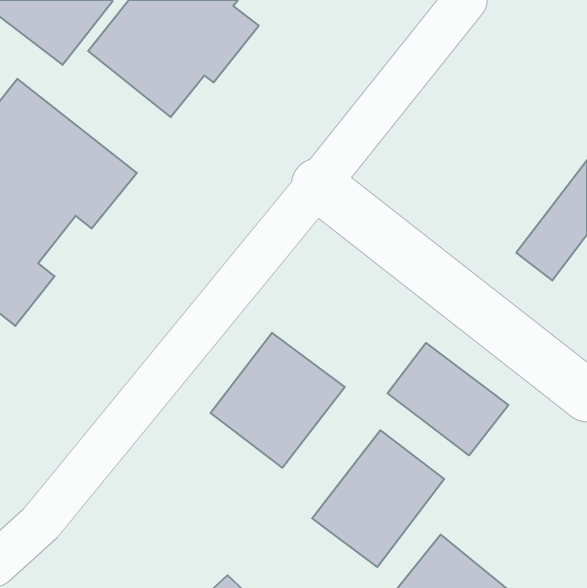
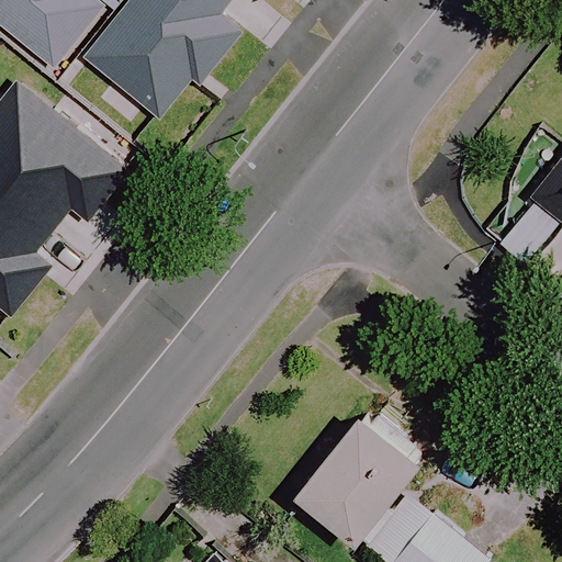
building: [211,333,345,468] -> none
building: [388,343,508,455] -> none

